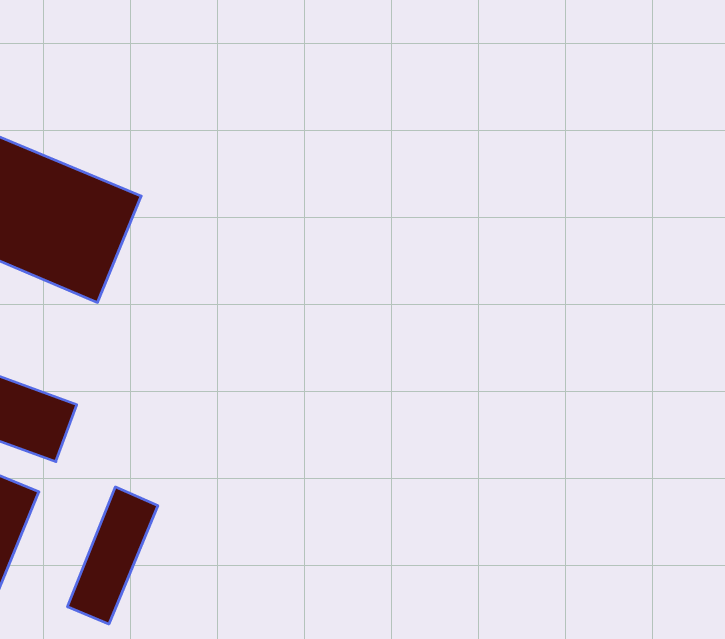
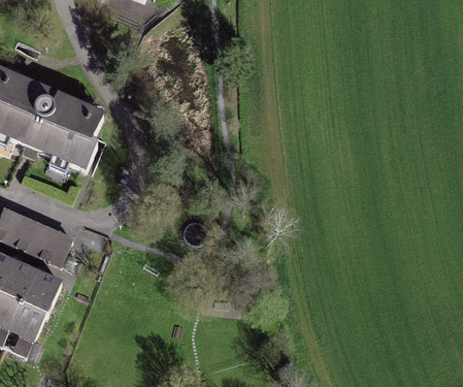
building: [68,487,158,624] -> none

